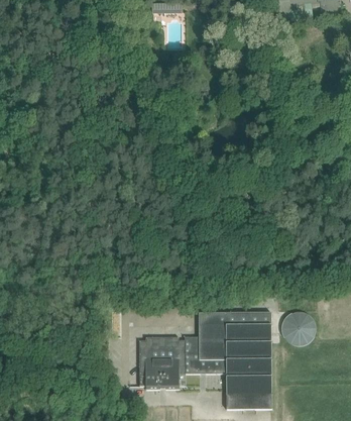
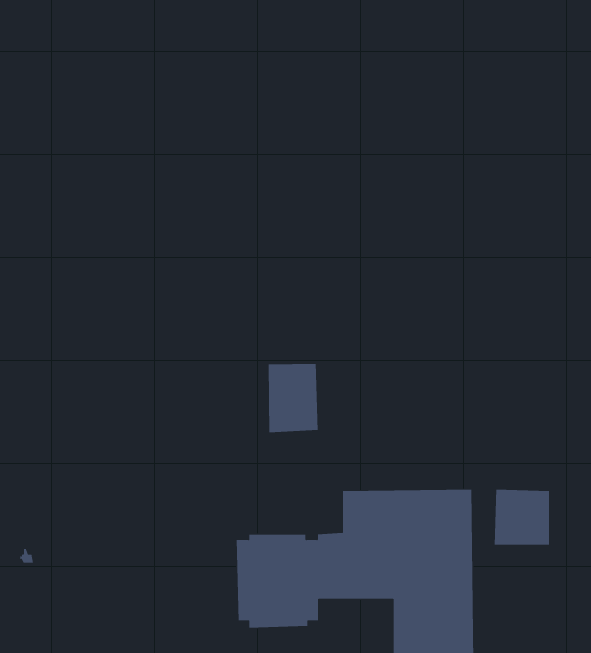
building: none -> [268,363,318,433]

